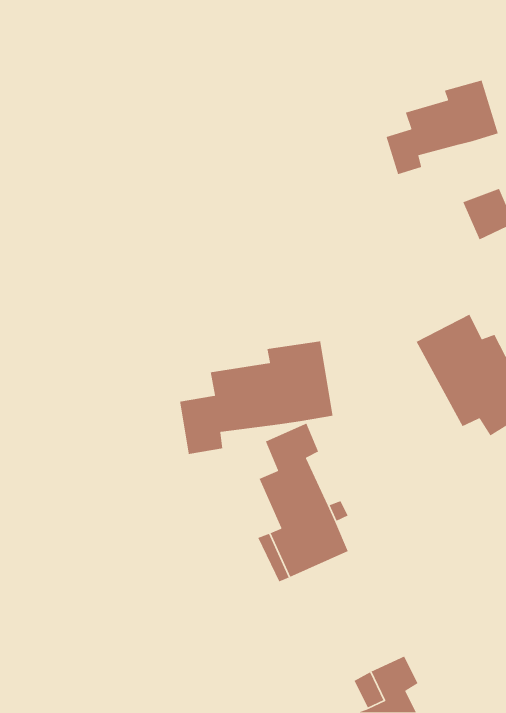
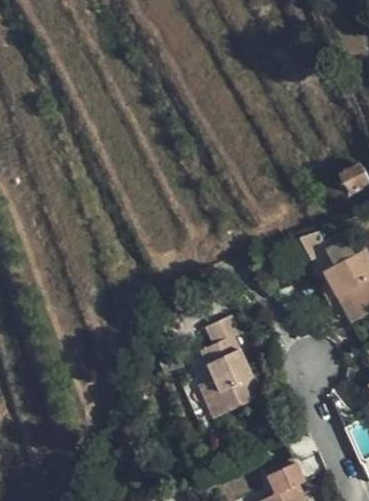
building: [386,79,499,175] -> none
building: [179,341,333,455] -> none

